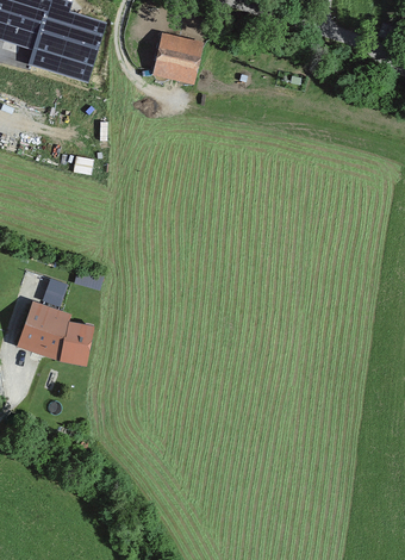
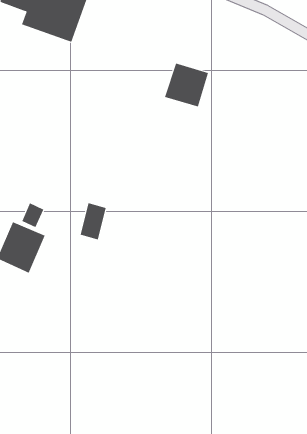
building: [151,33,202,85] -> [164,63,209,107]
building: [63,321,93,365] -> [80,203,106,240]

